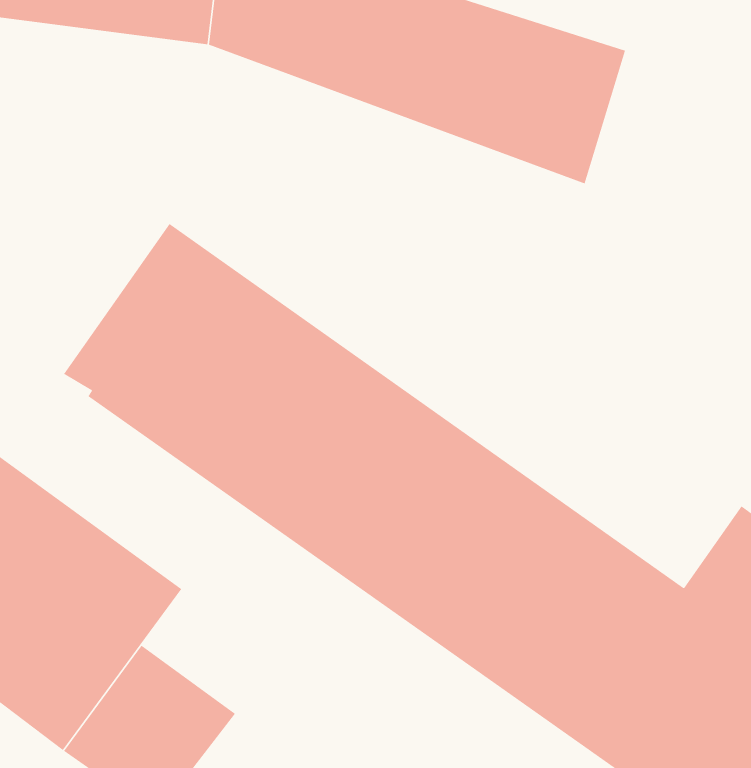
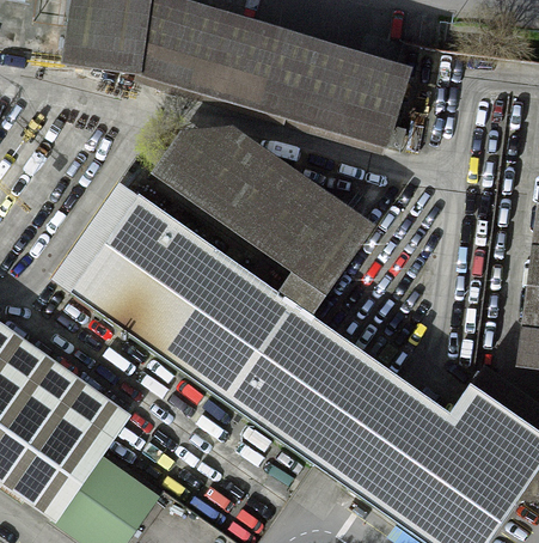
building: none -> [153,122,376,313]

